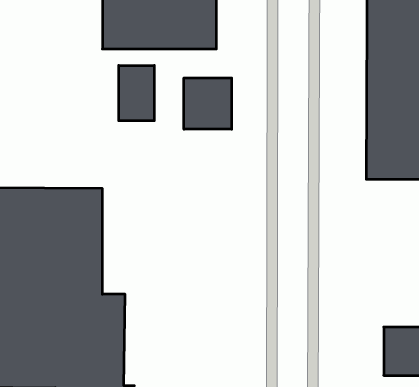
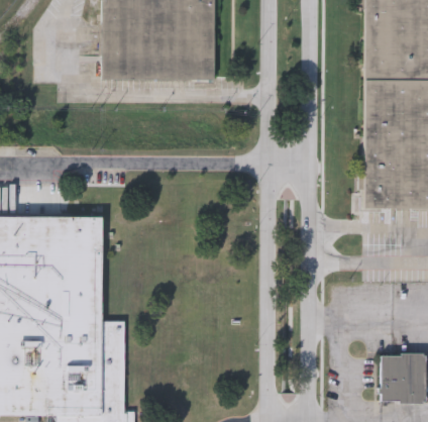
building: [119,65,154,121] -> none
building: [184,78,232,129] -> none

